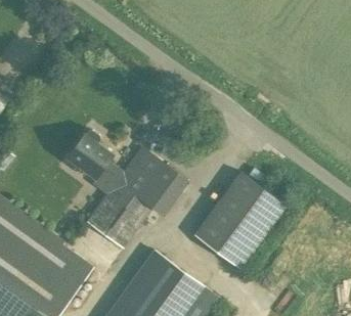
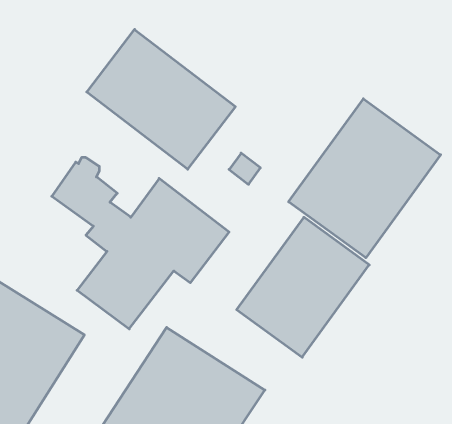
building: none -> [87,29,235,169]
building: none -> [289,99,441,258]

